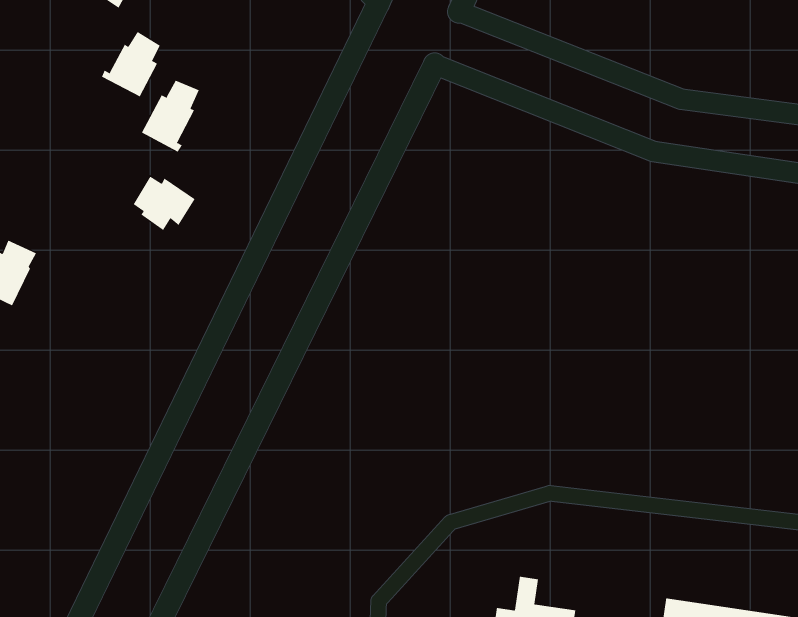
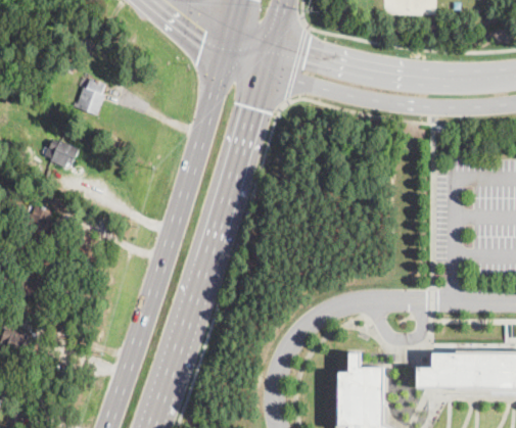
building: [141,80,199,152] -> none
building: [133,176,196,231] -> [44,138,79,168]

